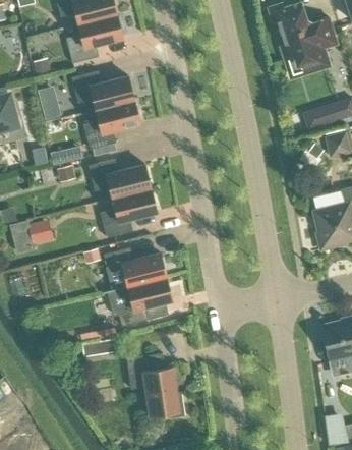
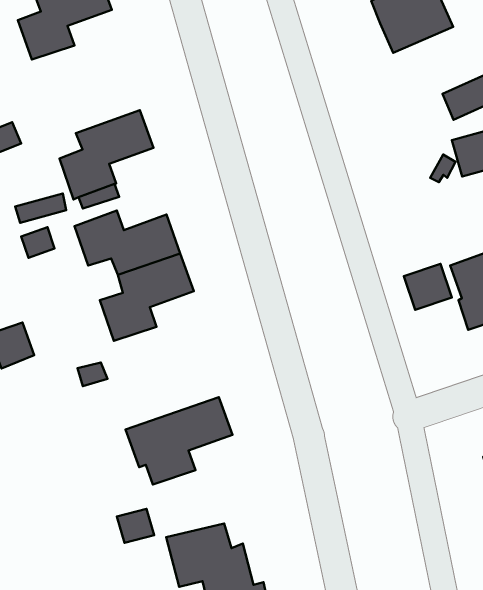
building: [71,70,134,110] -> none
building: none -> [404,264,452,310]
building: [104,247,166,289] -> none

